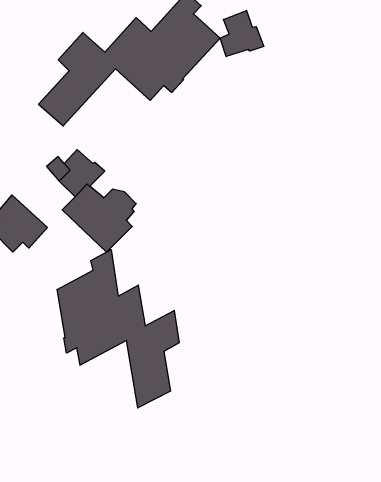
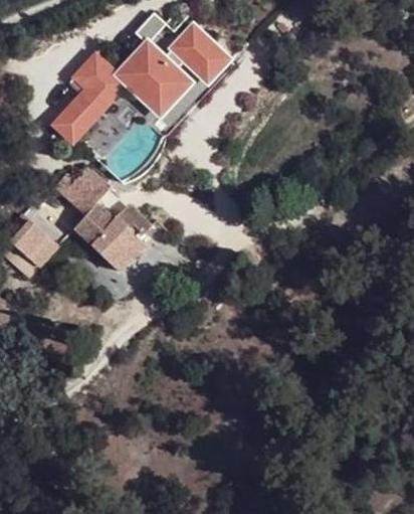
building: [220,10,264,57] -> none
building: [57,250,179,408] -> none

